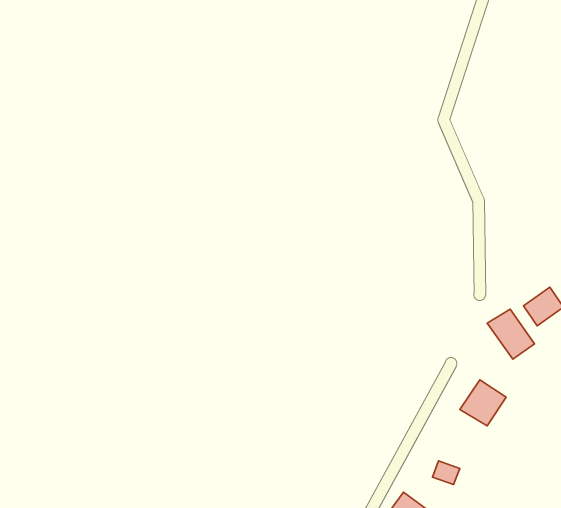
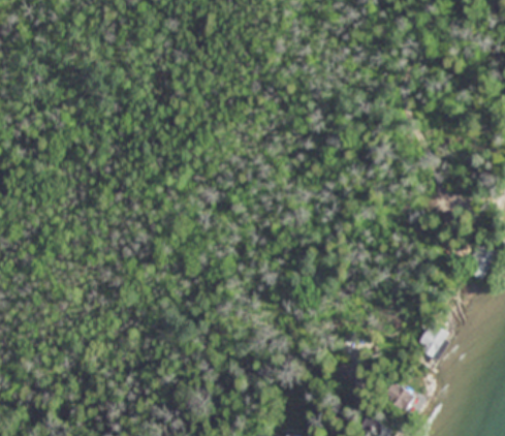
building: [487,309,535,359] -> none

